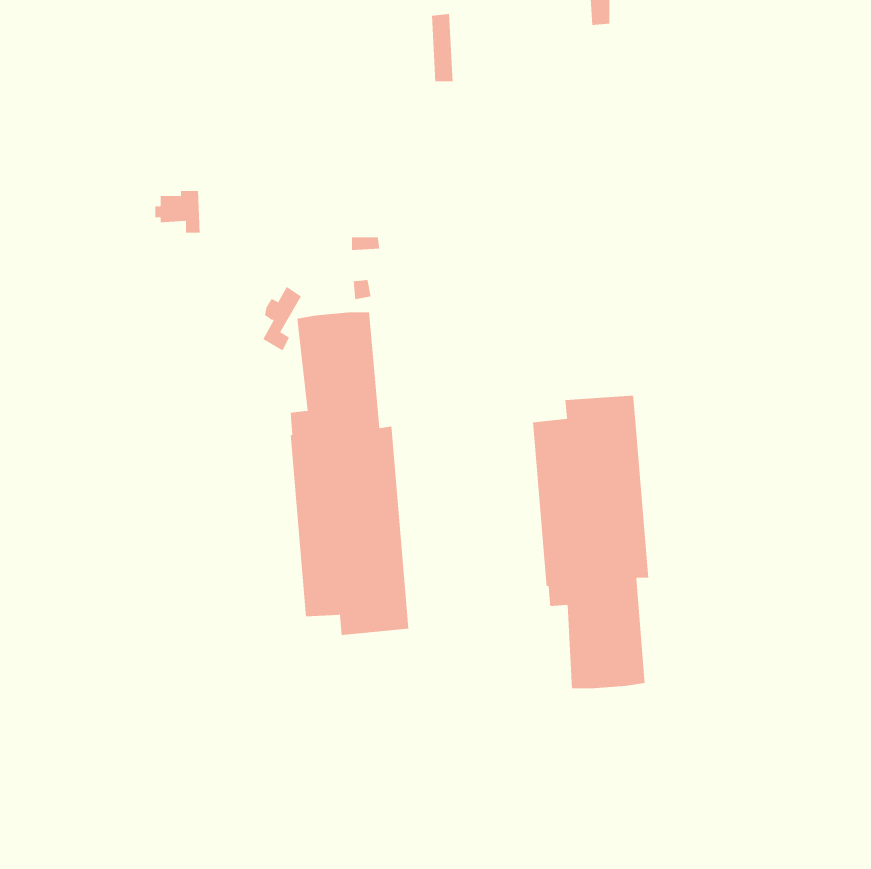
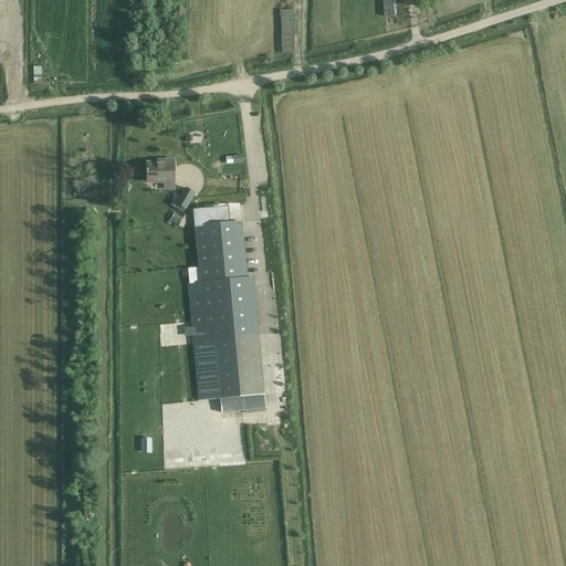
building: [155,191,201,233] -> [145,160,175,188]
building: [532,395,649,689] -> none

